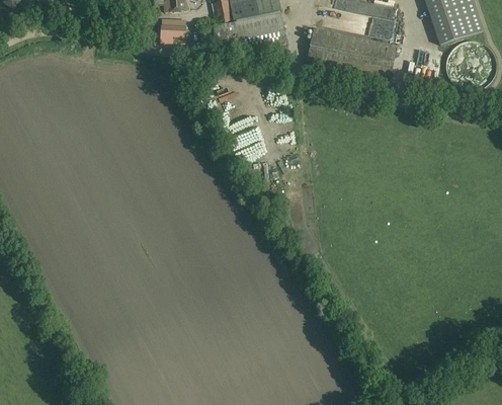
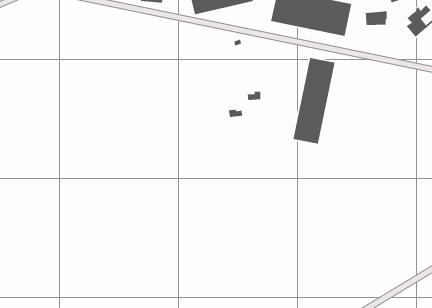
building: none -> [293,57,335,144]

